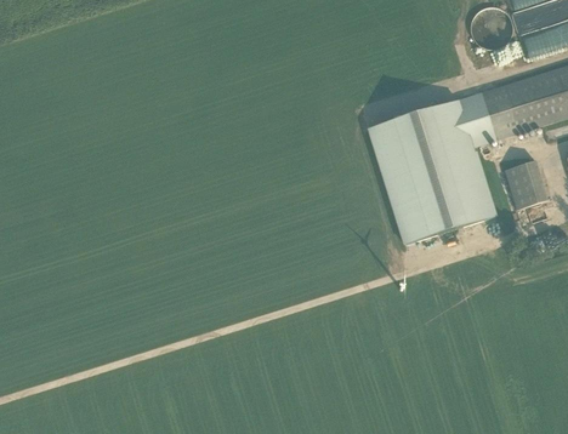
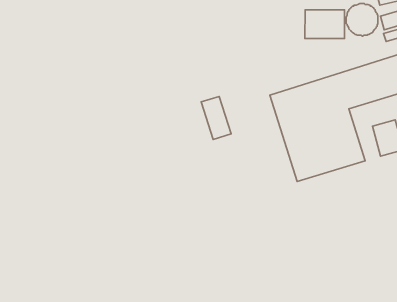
building: none -> [305,10,345,38]
building: none -> [201,96,231,139]

